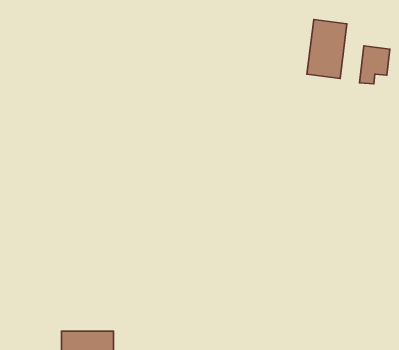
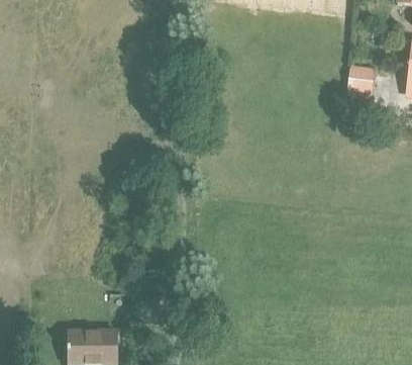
building: [307,20,347,78] -> none

